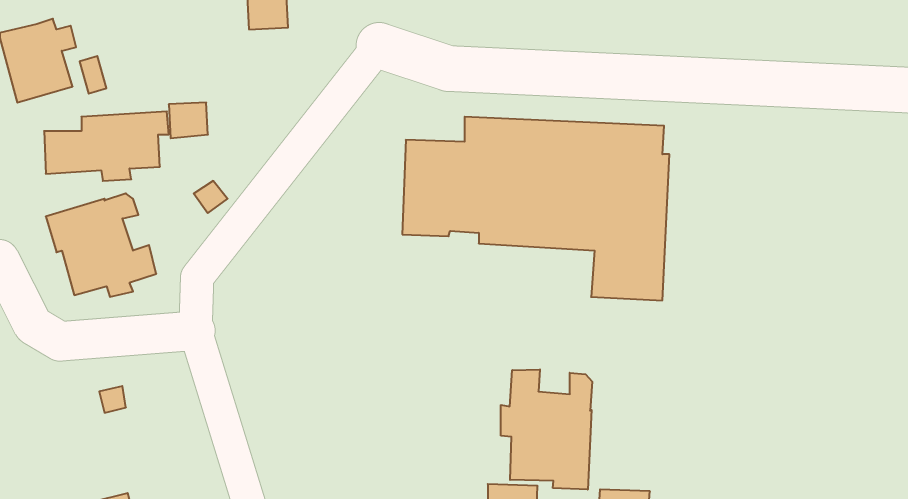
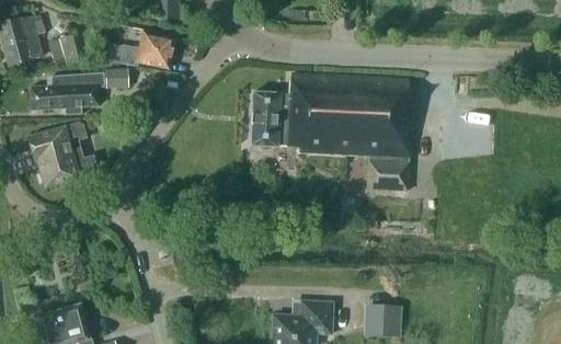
building: none -> [106,28,176,69]
building: [501,369,592,490] -> none

